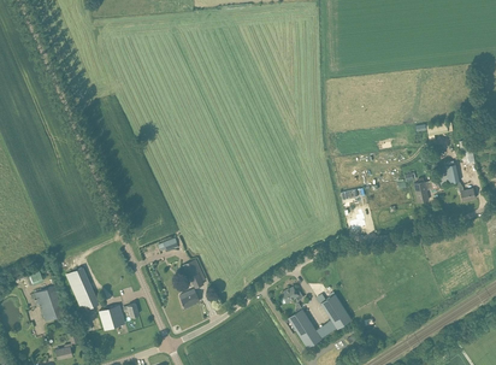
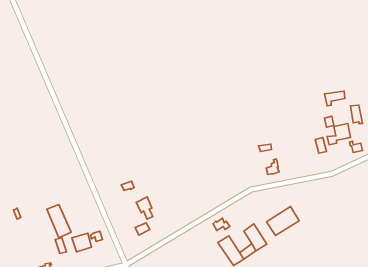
building: none -> [266,207,299,236]
building: [30,285,65,320] -> none

